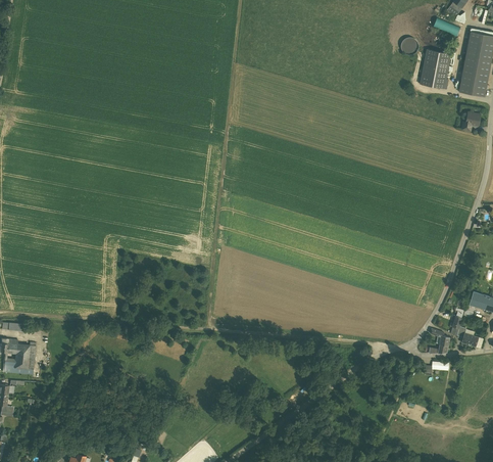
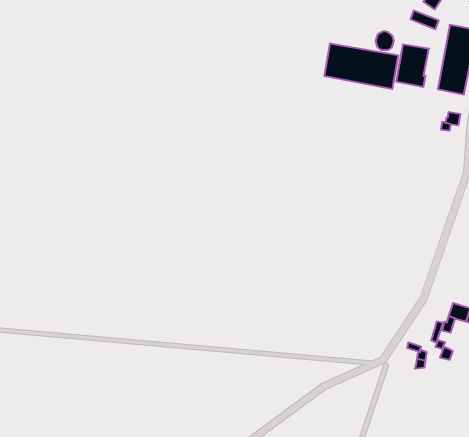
building: none -> [325,43,398,89]

